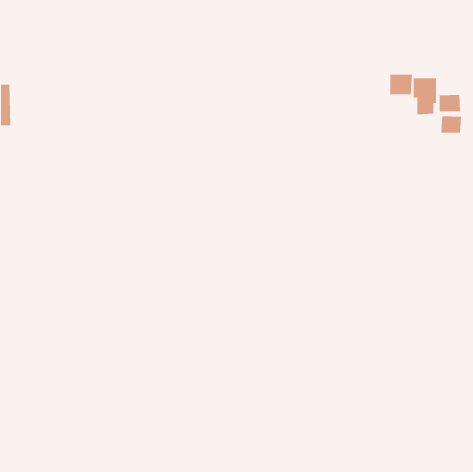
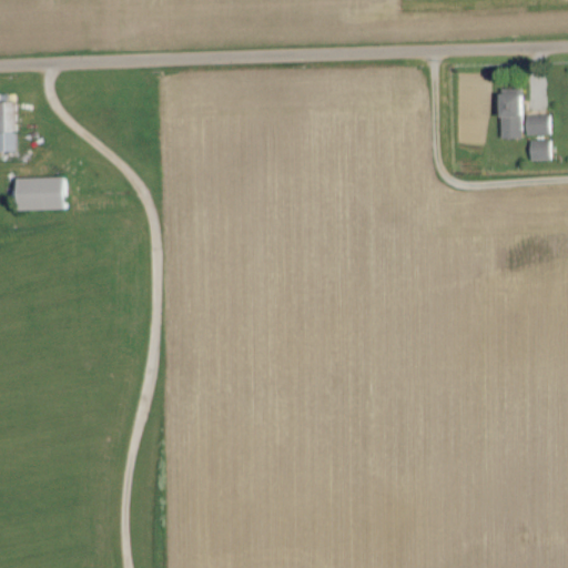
building: [390,74,412,95] -> none
building: none -> [11,176,67,210]

